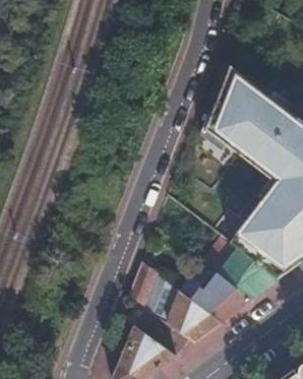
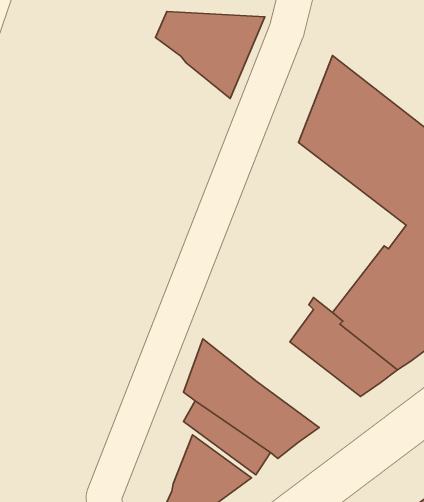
building: none -> [155,12,265,99]
building: [178,262,249,321] -> none

